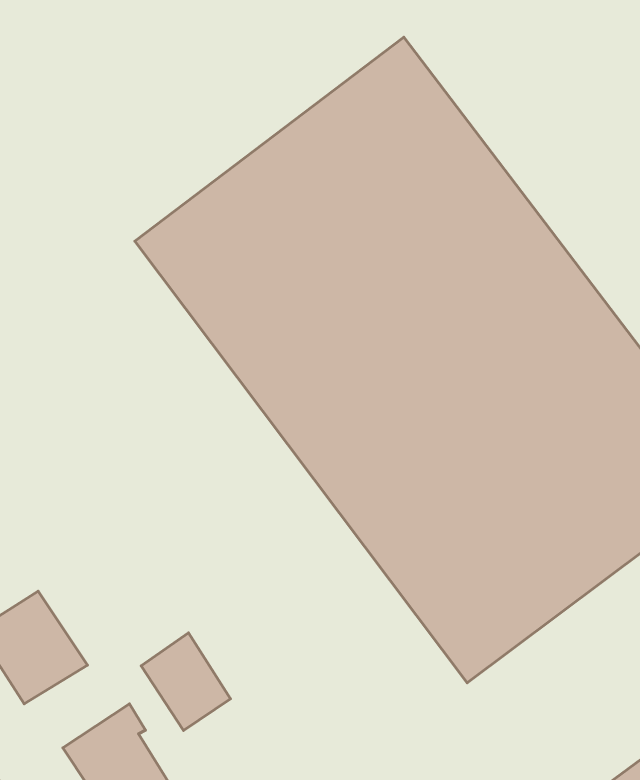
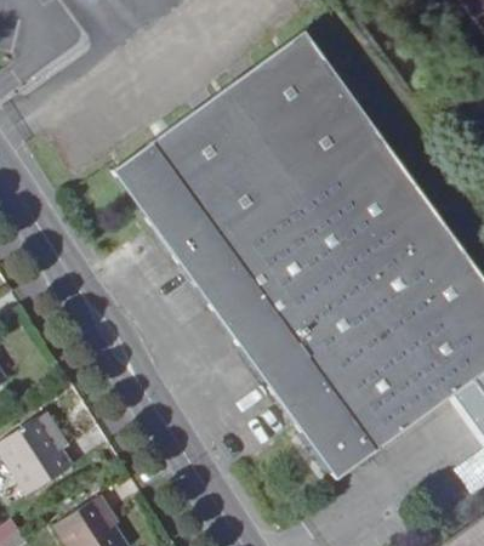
building: [141,633,231,731] -> none

